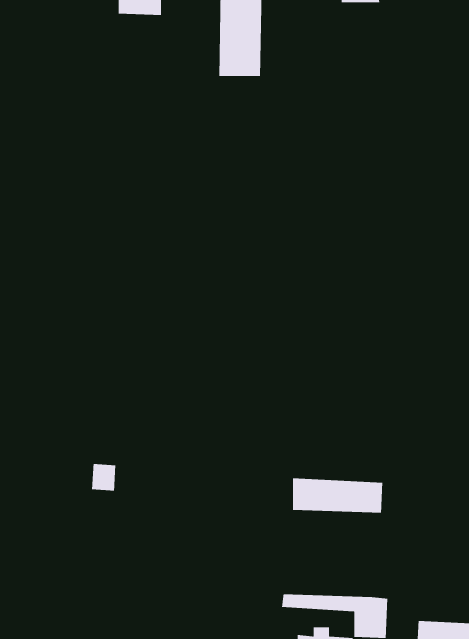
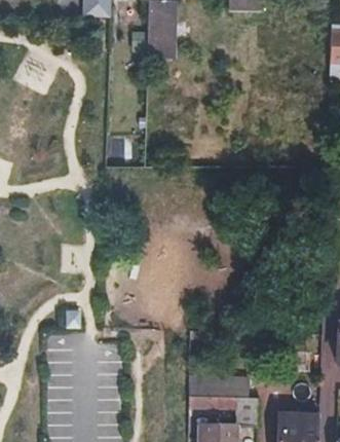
building: [292,478,383,514] -> [190,374,250,398]

